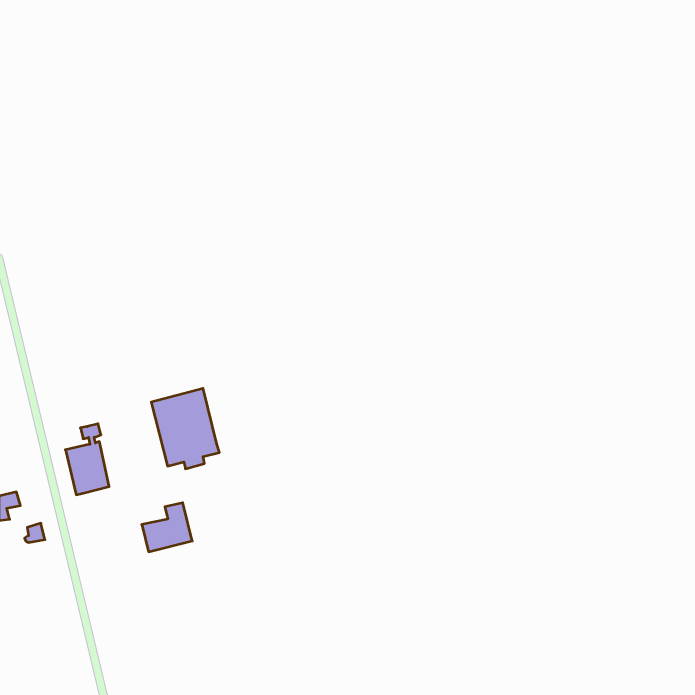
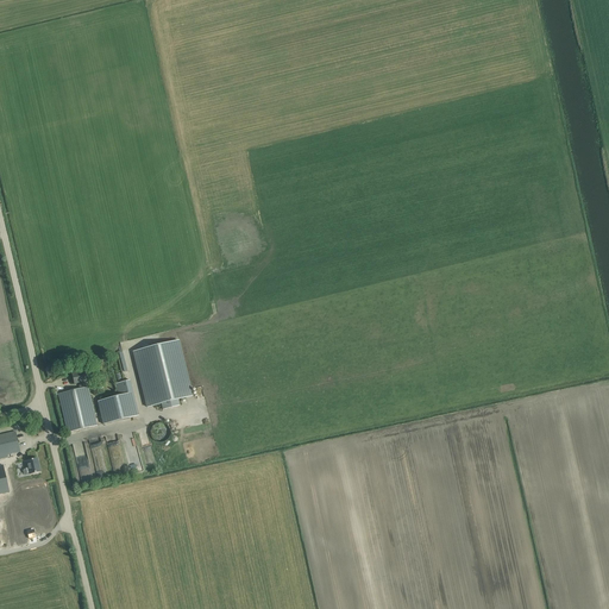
building: [142,503,192,552] -> [94,379,138,422]

